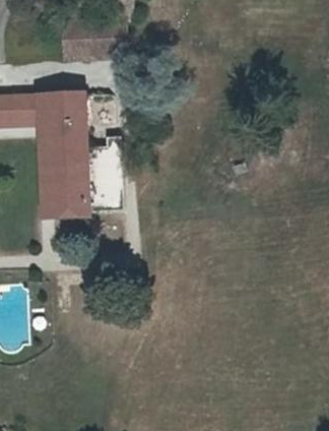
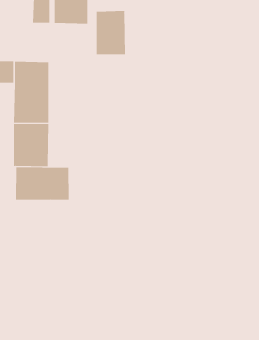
building: none -> [96,10,125,55]
building: none -> [15,166,69,201]

